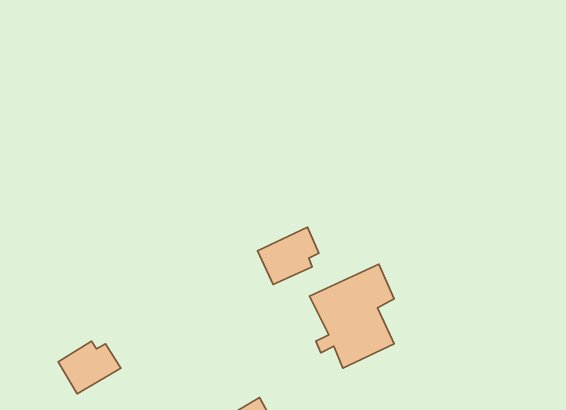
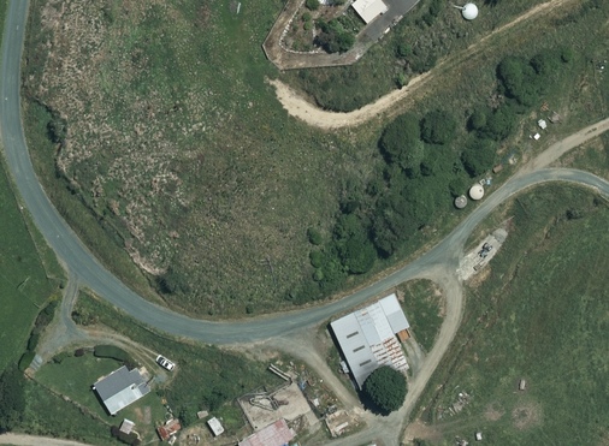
building: [258,227,319,284] -> none

